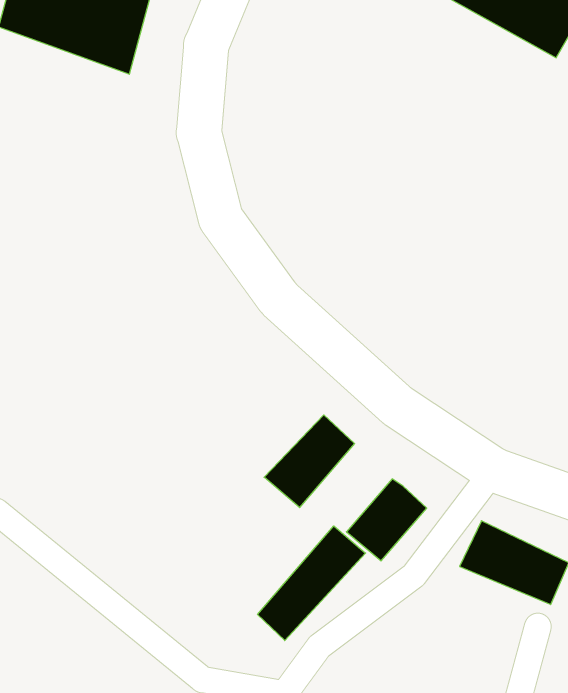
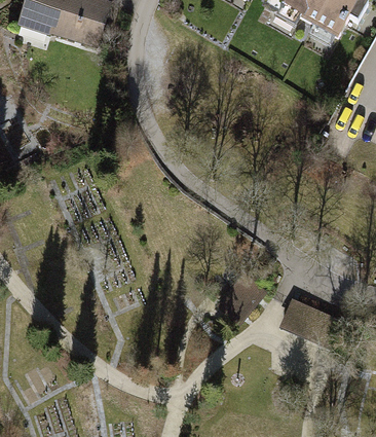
building: [264,415,355,508] -> none
building: [258,526,366,641] -> none

